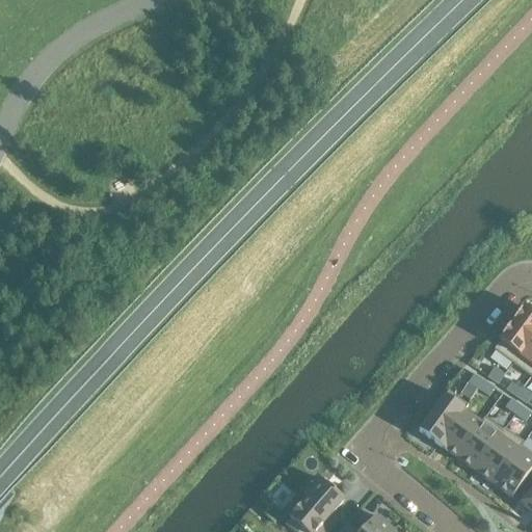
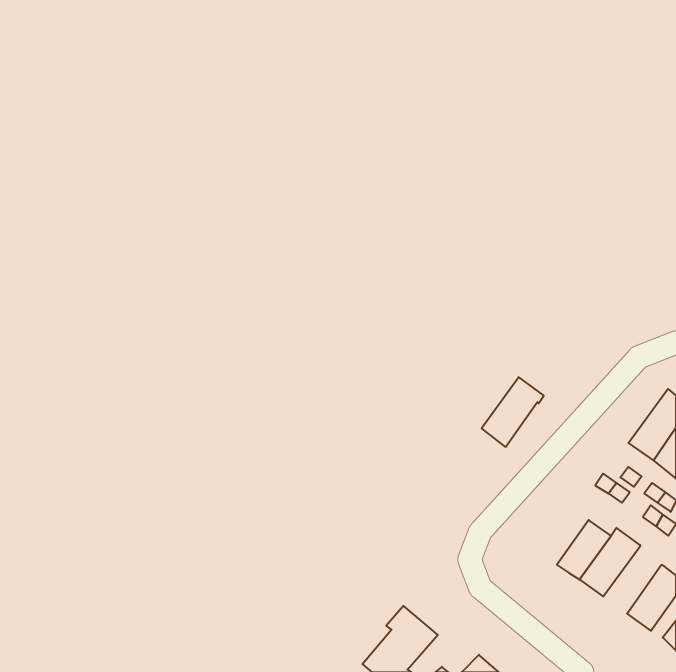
building: [419,389,468,444] -> [482,377,544,447]
building: [474,426,524,482] -> none

